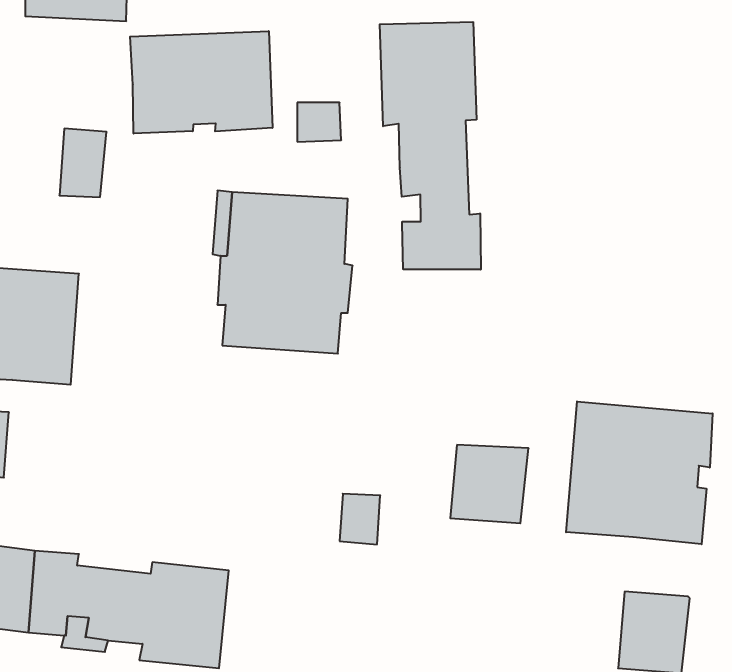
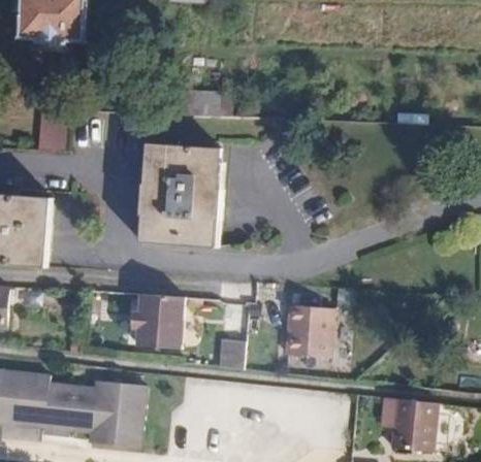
building: [380,22,481,270] -> none
building: [130,31,272,134] -> none
building: [566,401,713,544] -> none
building: none -> [133,295,181,350]

